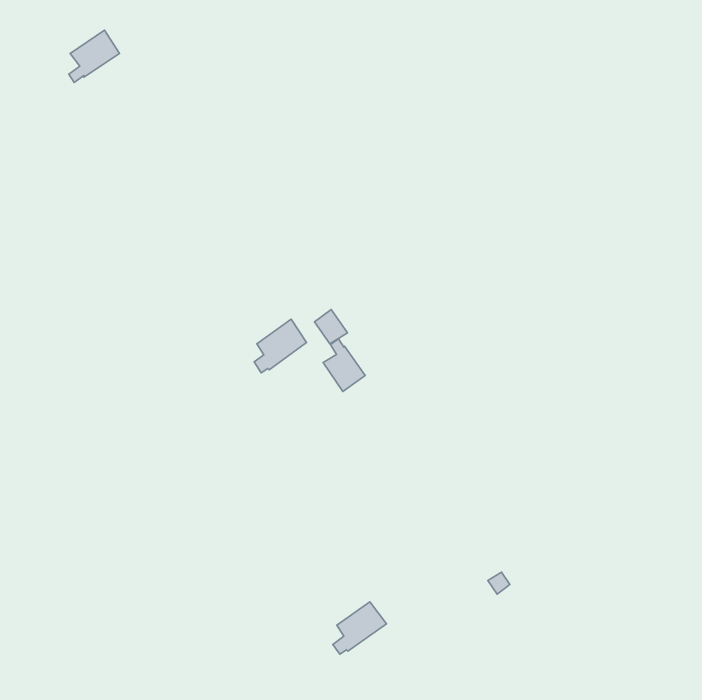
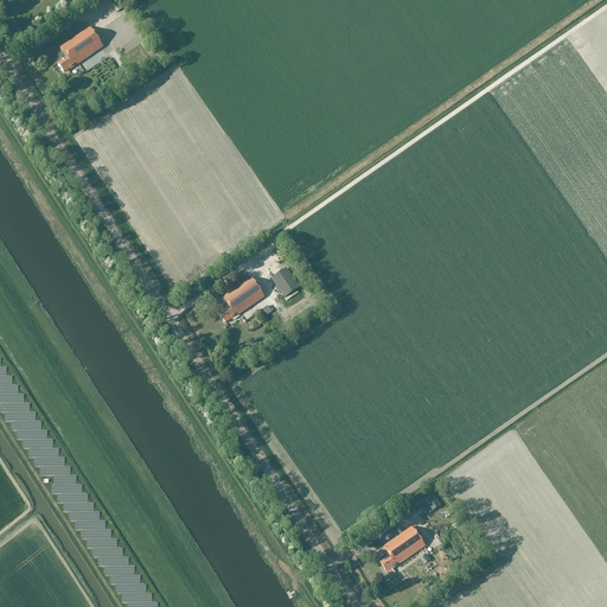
building: [323,339,365,392] -> none
building: [333,602,386,654] -> [379,525,426,570]

